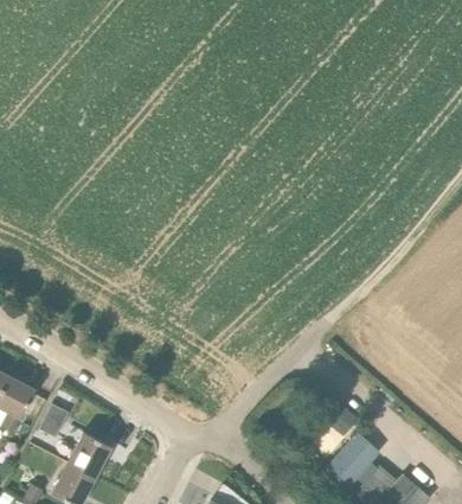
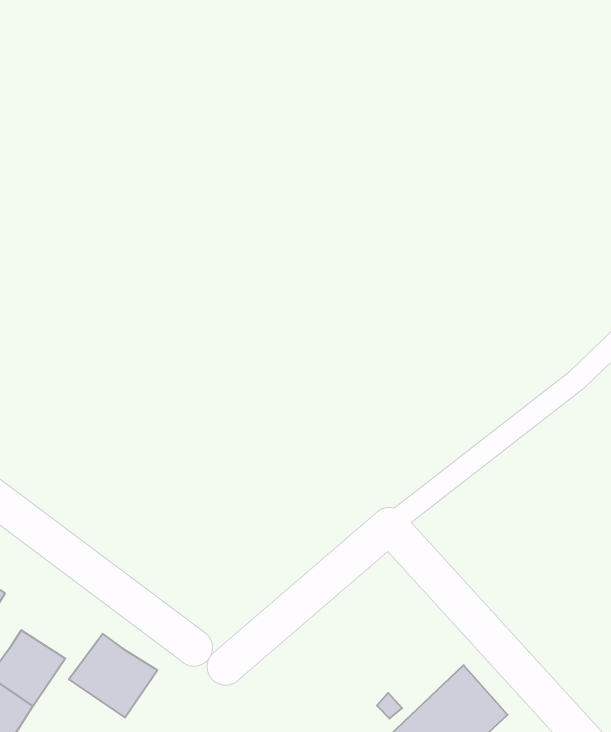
building: none -> [69,634,157,718]

